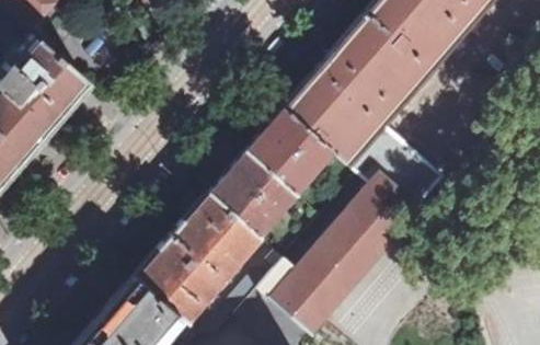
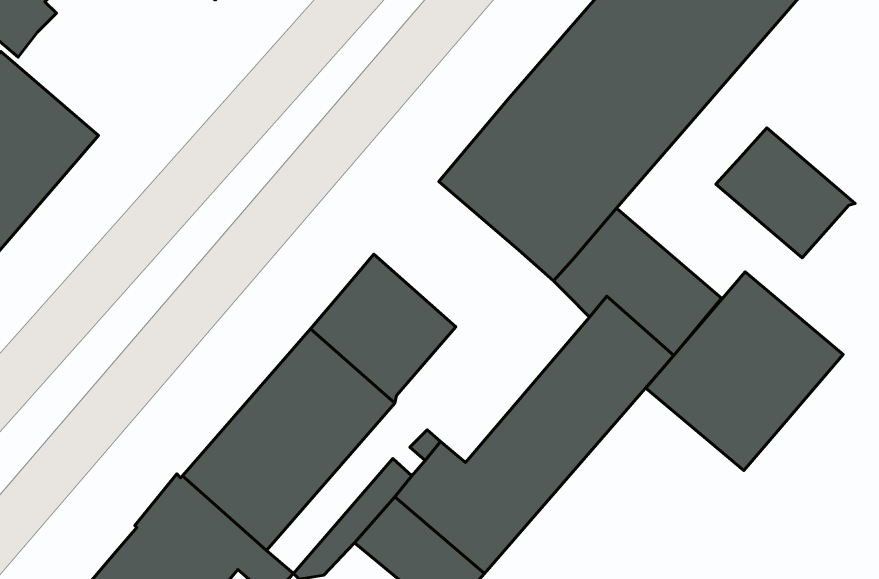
building: none -> [716,128,855,258]
building: [248,107,331,191] -> none
building: none -> [646,272,843,471]

